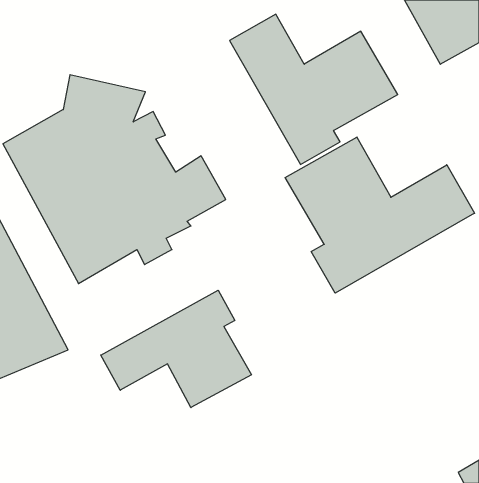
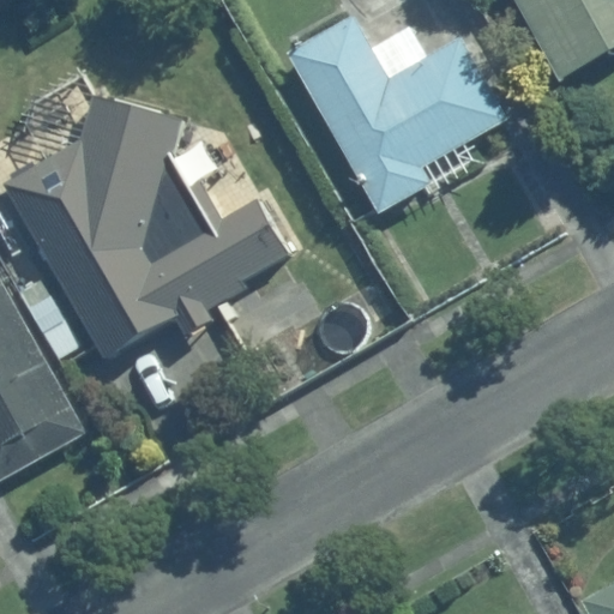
building: [285,137,475,293] -> none
building: [101,290,251,408] -> none

